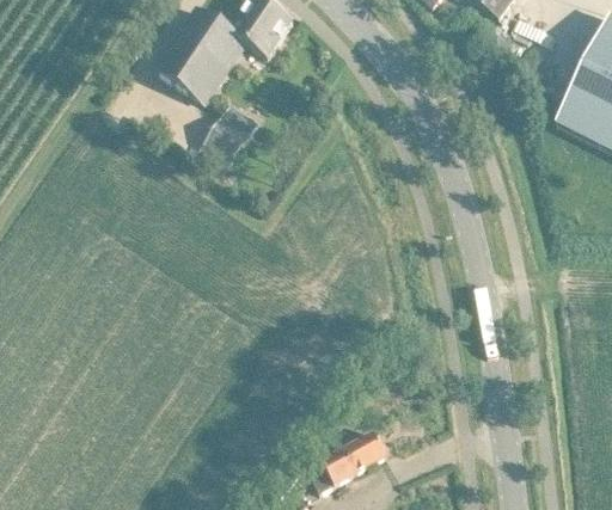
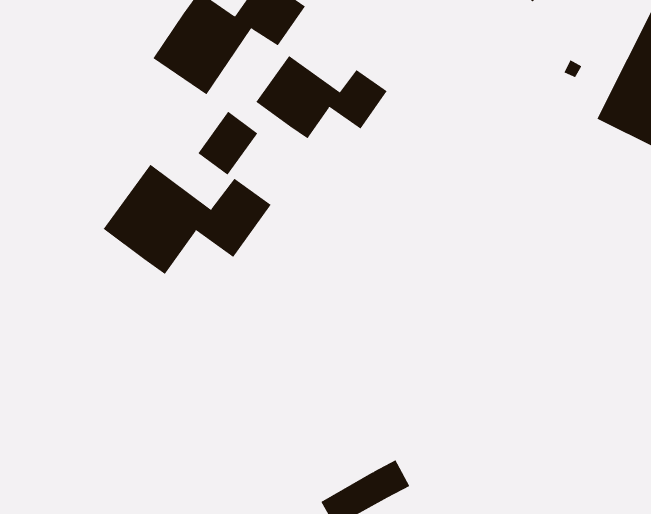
building: none -> [255,55,387,139]
building: none -> [103,164,271,275]

